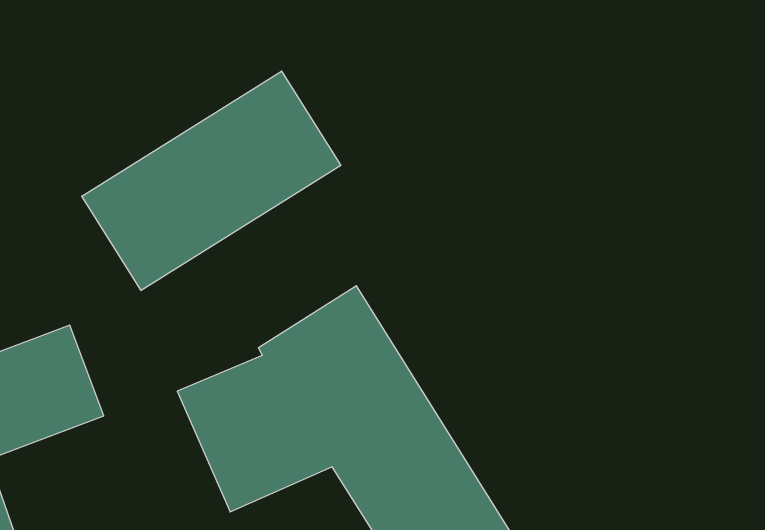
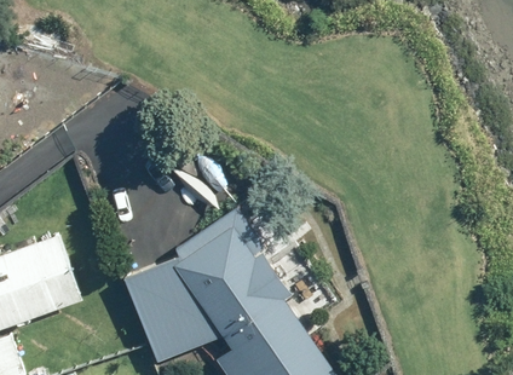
building: [82,71,341,291] -> none

